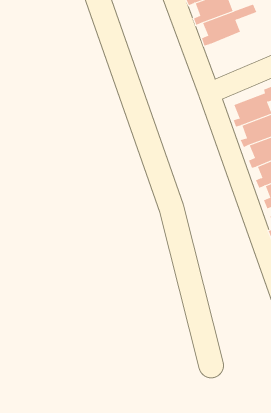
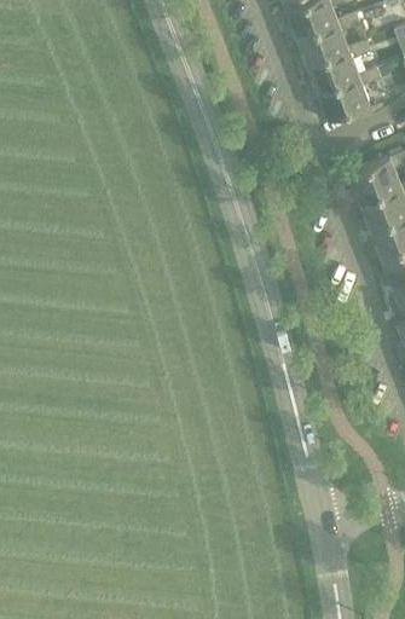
building: none -> [319,68,383,121]

